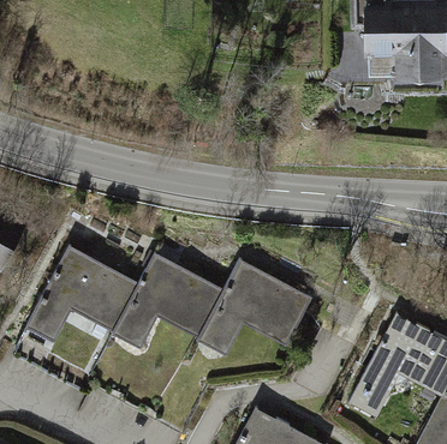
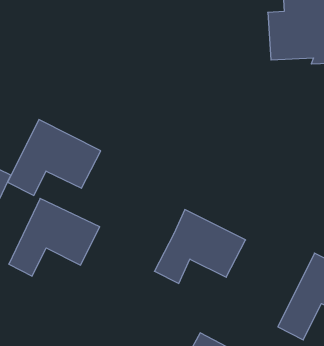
building: [112,254,222,344] -> [8,120,101,195]

